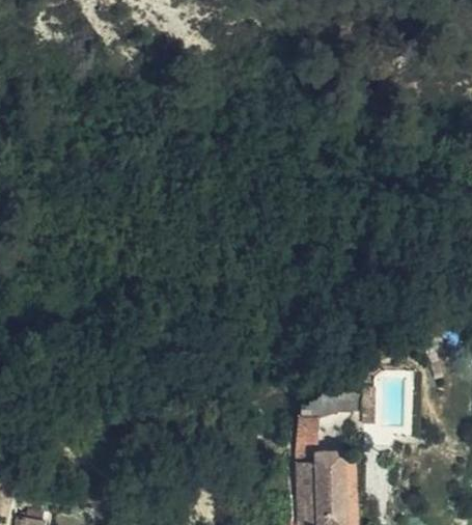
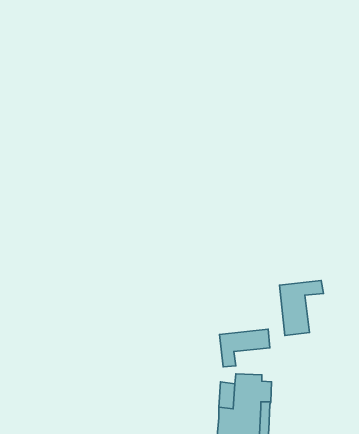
building: none -> [279,281,323,335]

